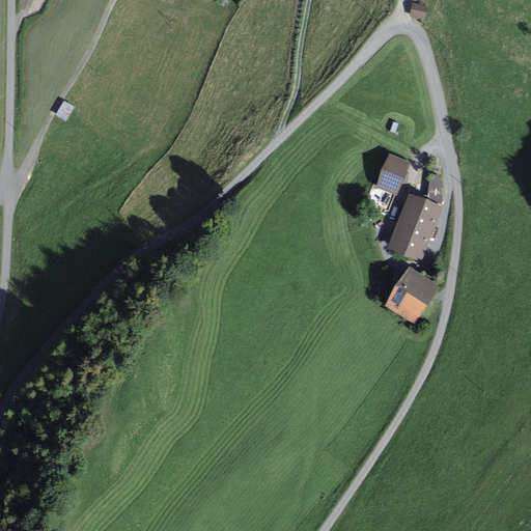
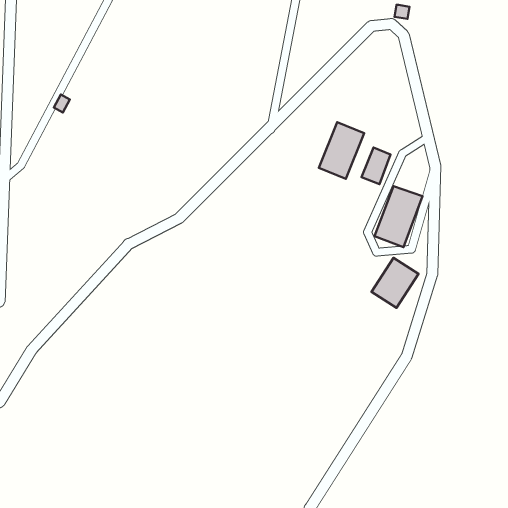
building: none -> [319,122,364,179]

